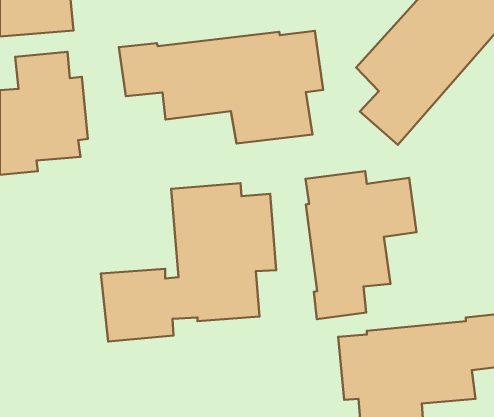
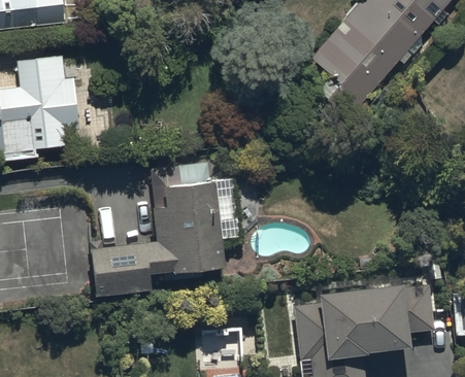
building: [119,31,323,143] -> none
building: [306,171,416,319] -> none

